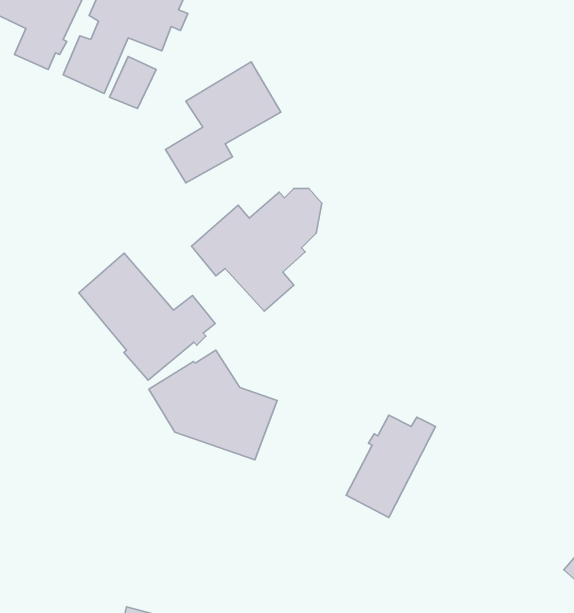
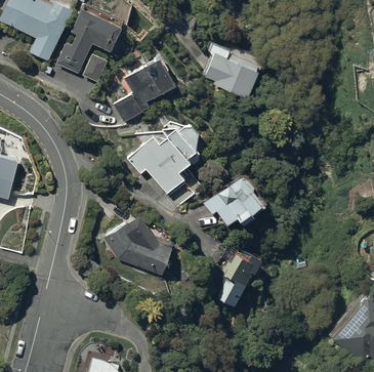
building: none -> [205,47,262,97]
building: [79,253,215,380] -> none
building: none -> [203,175,265,223]

